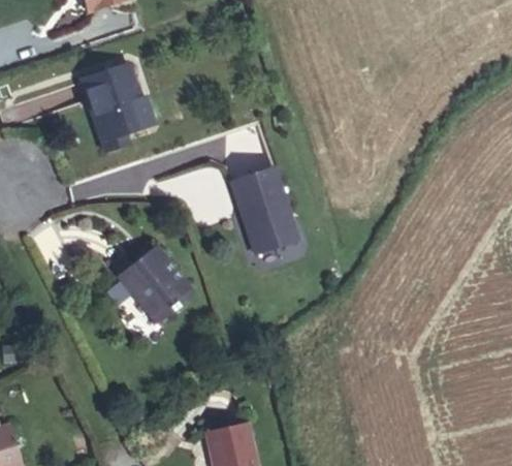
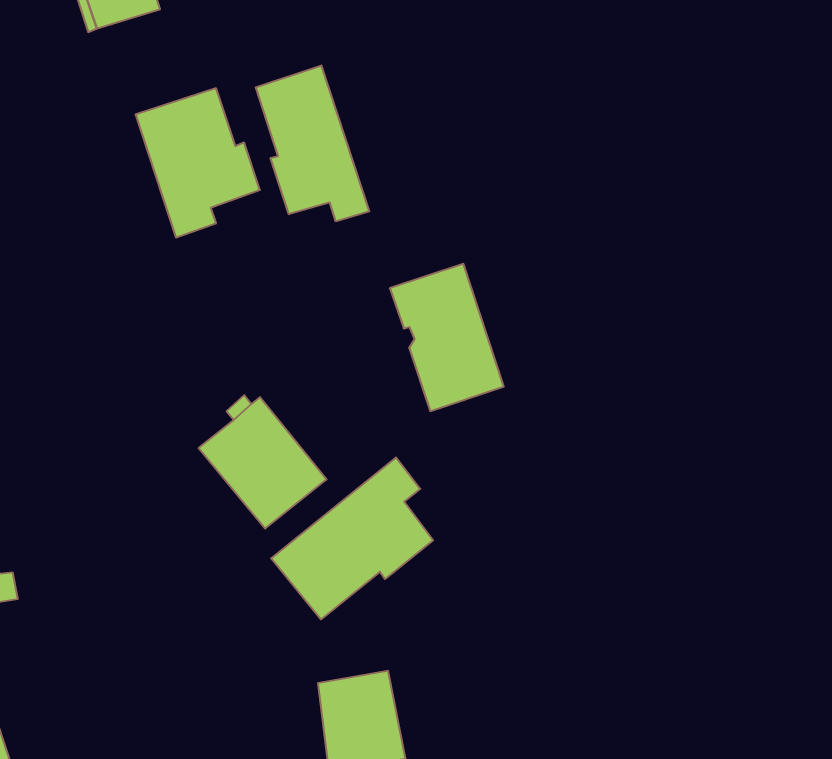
building: none -> [256,65,369,221]
building: none -> [271,457,433,619]

